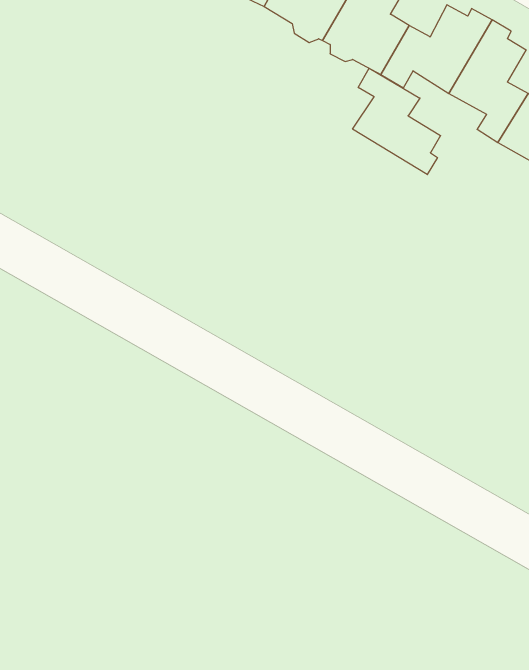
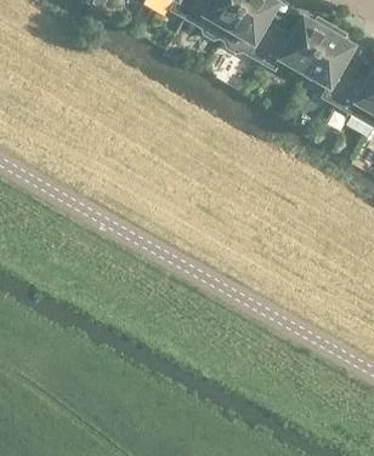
building: [353,68,441,175] -> none

